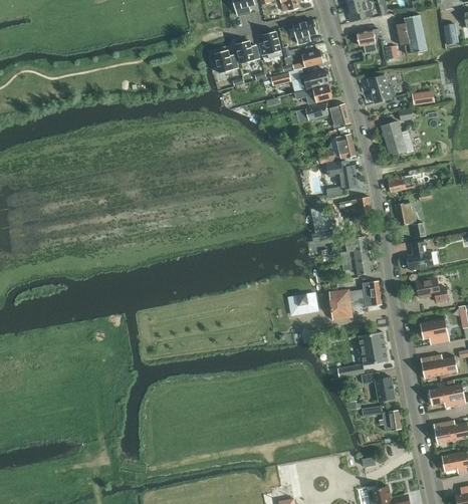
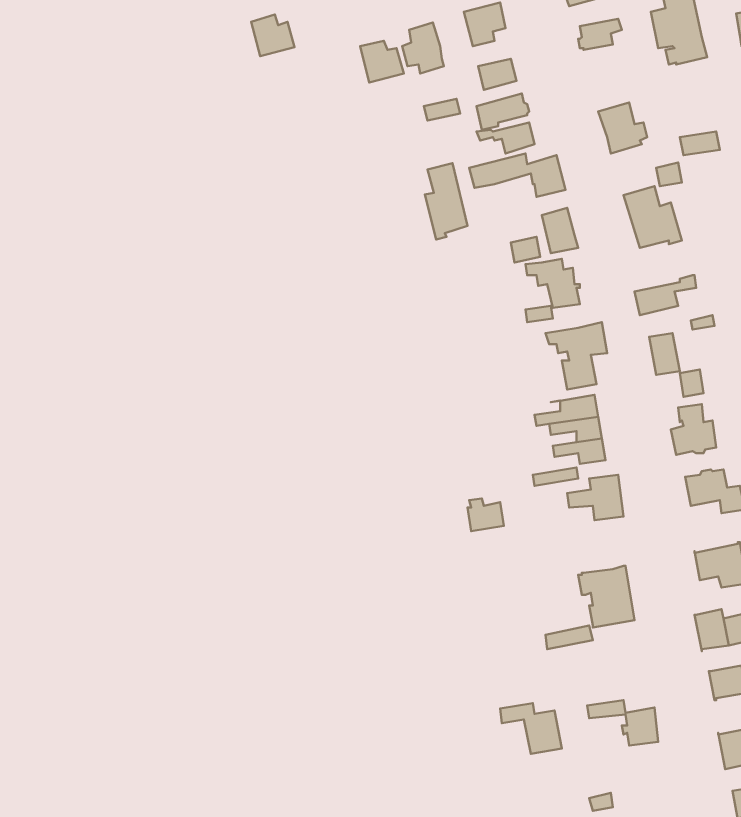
building: [214,50,238,73] -> [251,14,295,56]
building: none -> [425,163,467,239]
building: [329,290,353,319] -> none
building: [361,372,395,401] -> [500,703,562,754]

